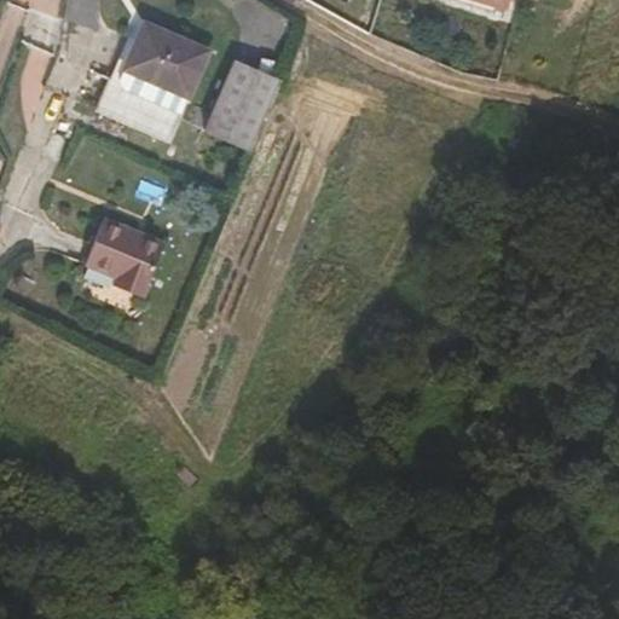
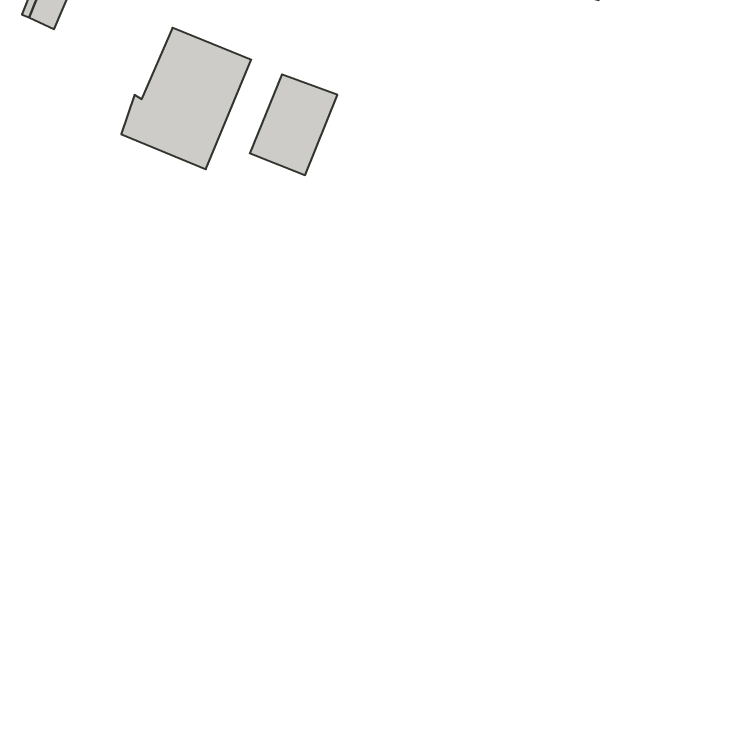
building: [82,210,161,289] -> none

